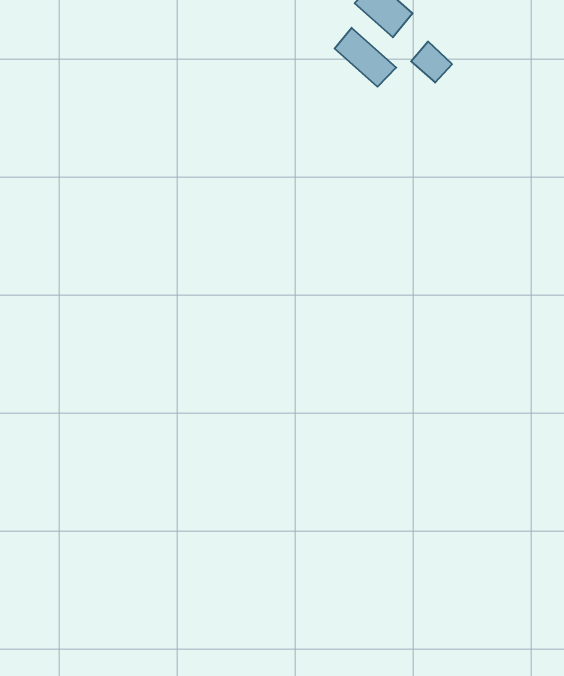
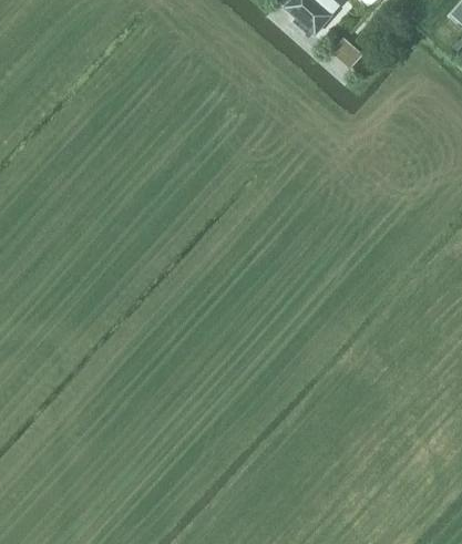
building: [335,28,396,87] -> none

